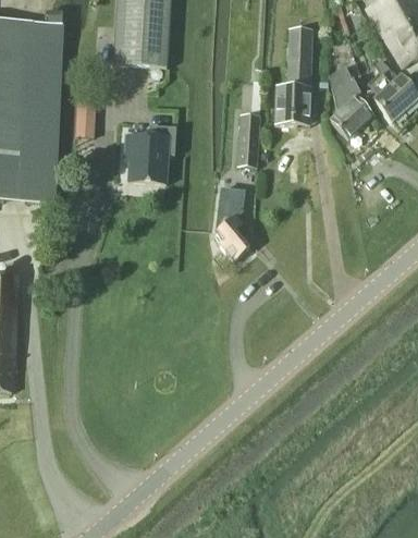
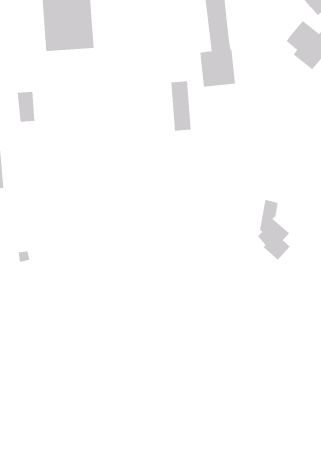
building: [329,63,372,137] -> none
building: [127,123,176,182] -> none
building: [216,192,250,258] -> [257,199,290,261]

